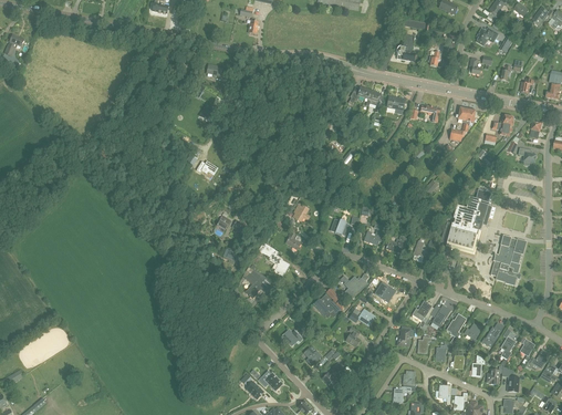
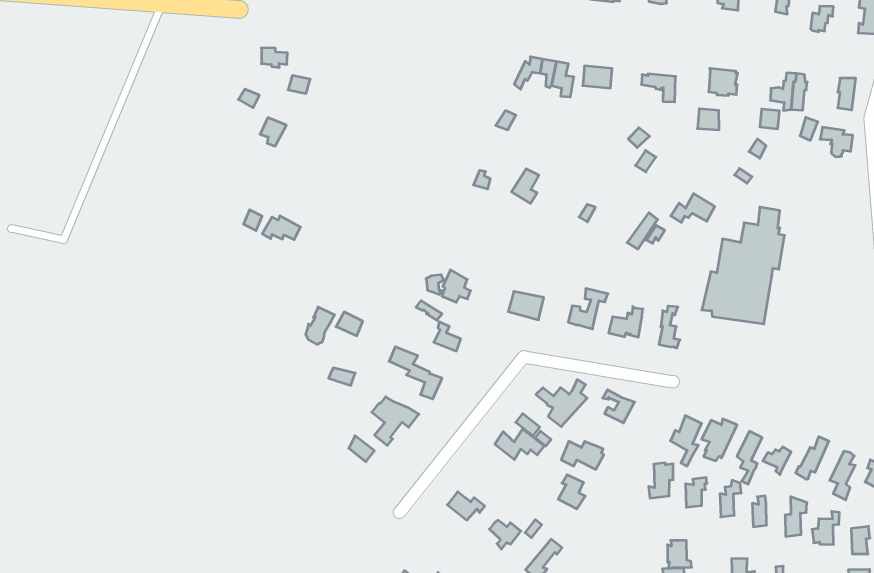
building: [490,235,527,286] -> none

